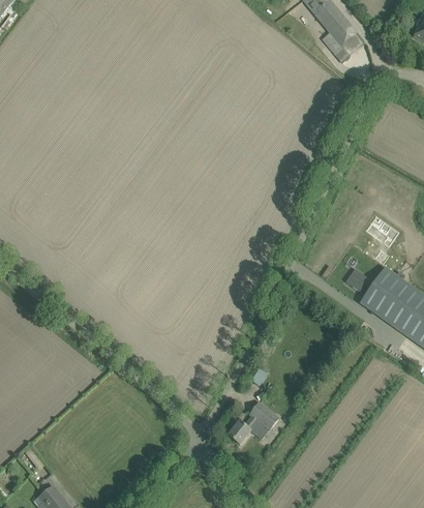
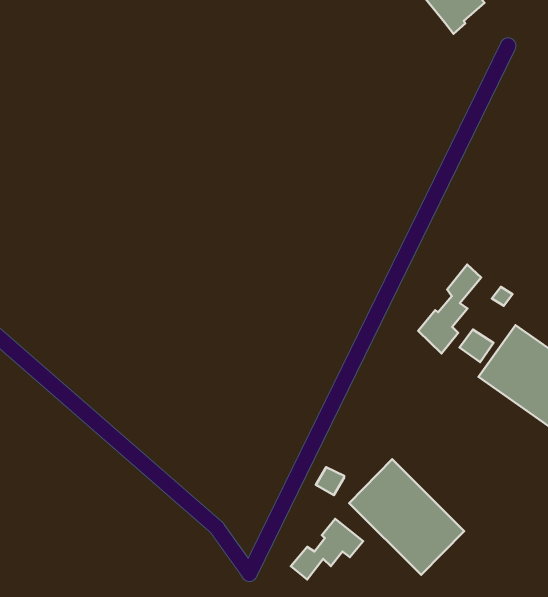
building: none -> [418,264,481,354]
building: none -> [349,459,464,575]

